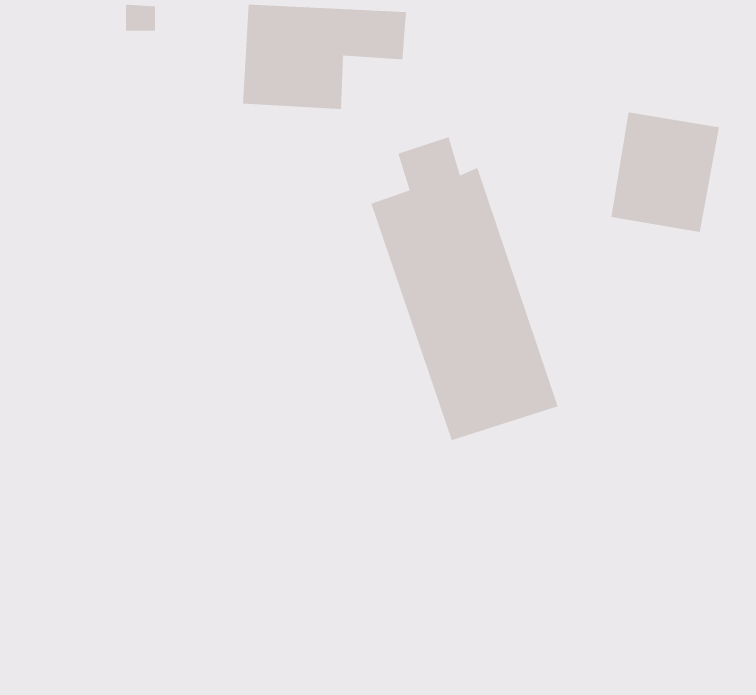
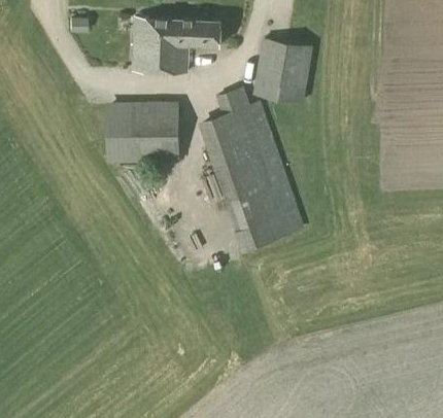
building: [611,112,720,232] -> [254,37,313,102]
building: none -> [110,102,176,161]

